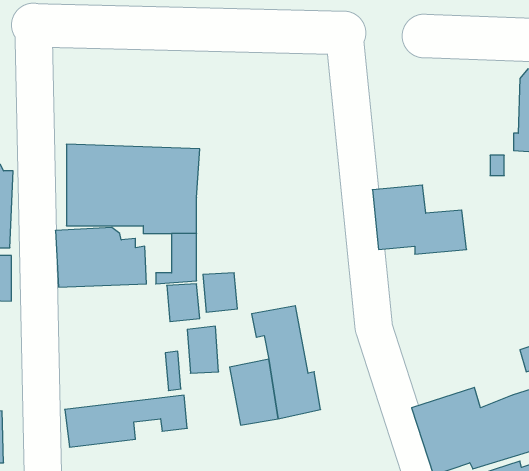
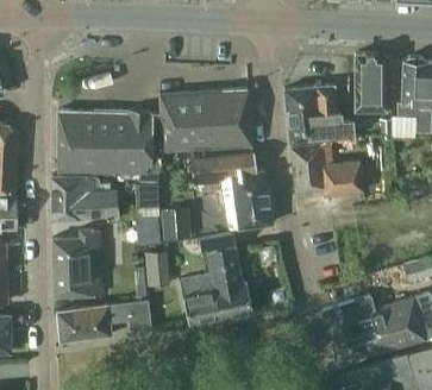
building: none -> [353,55,384,113]
building: none -> [284,86,353,143]
building: none -> [157,90,252,152]
building: none -> [192,151,271,231]
building: none -> [52,231,102,297]

